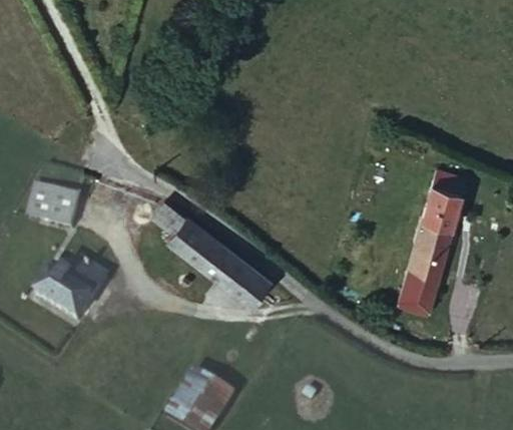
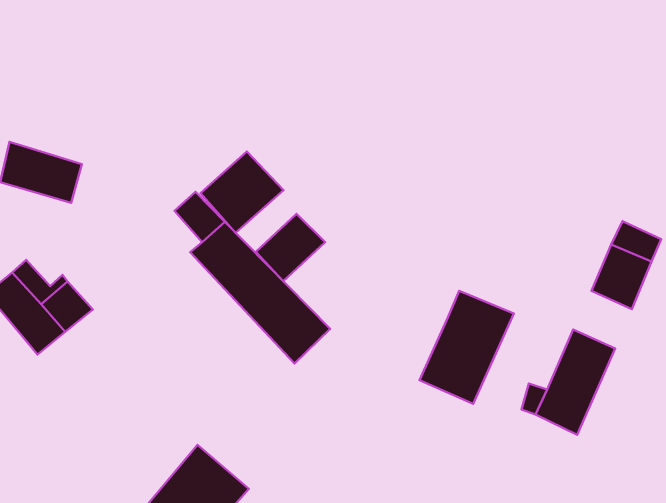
building: none -> [200,152,284,233]
building: none -> [256,214,325,281]
building: [421,217,458,253] -> none
building: none -> [419,291,514,404]

